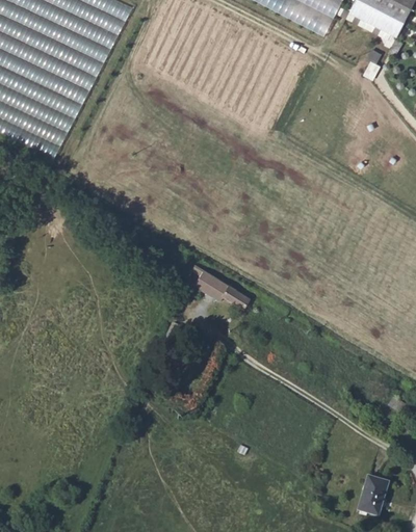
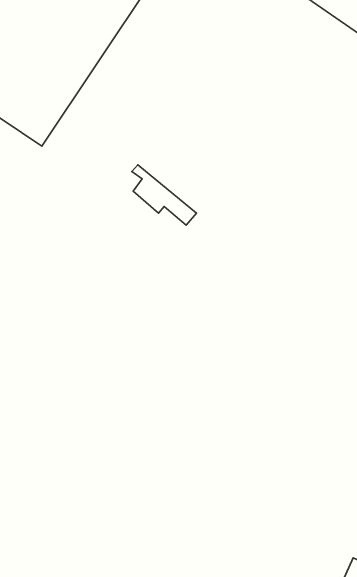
building: [189,261,249,307] -> [132,165,196,225]

